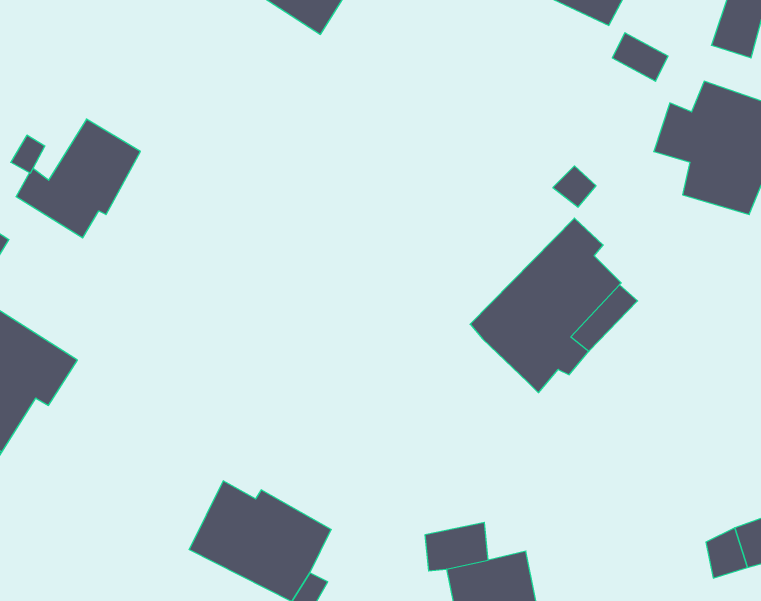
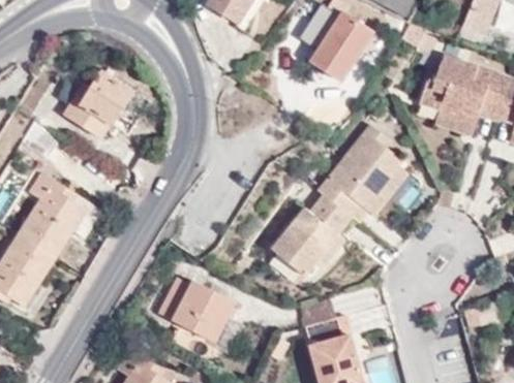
building: none -> [310,11,370,78]
building: none -> [266,196,355,275]

